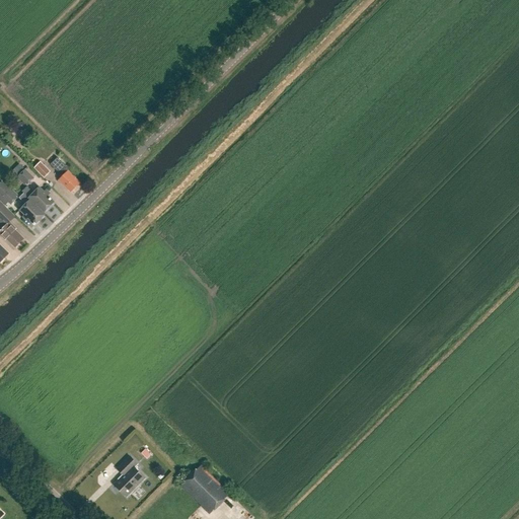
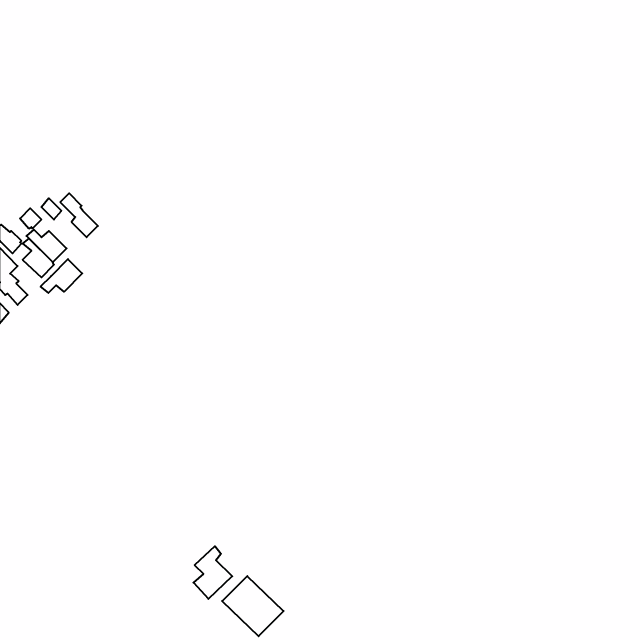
building: none -> [41,259,82,293]
building: [113,455,144,498] -> [193,546,232,599]

